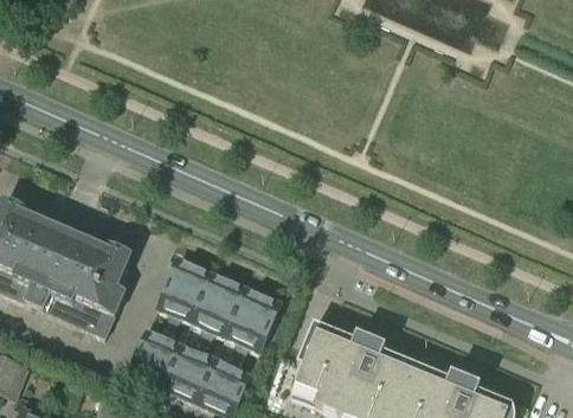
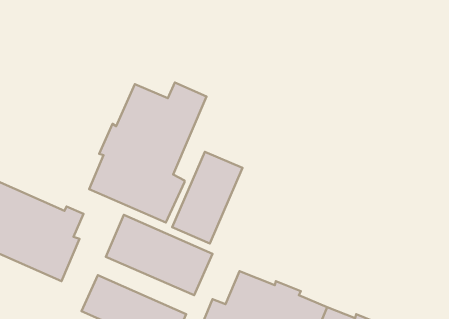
building: none -> [89,83,207,222]
building: none -> [172,152,242,243]

